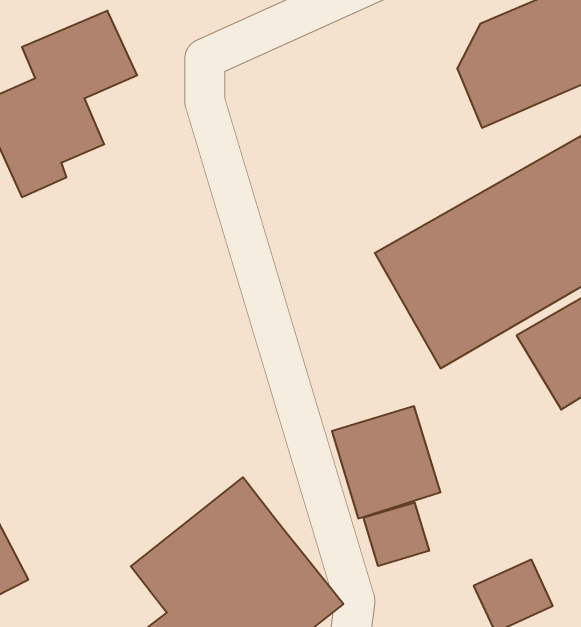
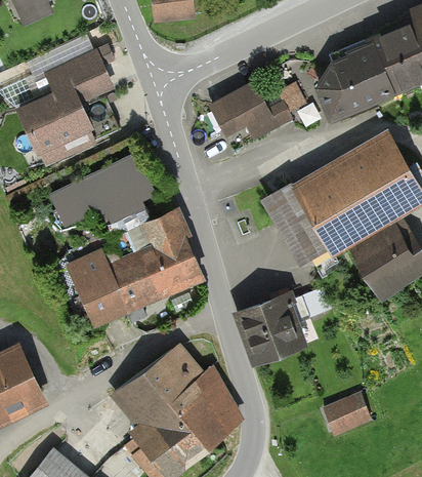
building: none -> [210,79,311,149]
building: none -> [47,155,153,223]
building: none -> [69,207,206,325]
building: [364,502,429,566] -> none

